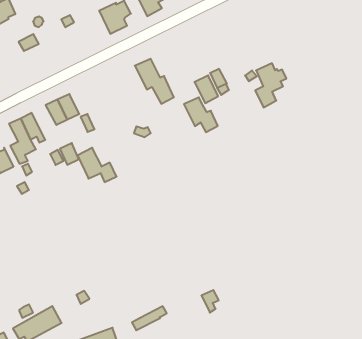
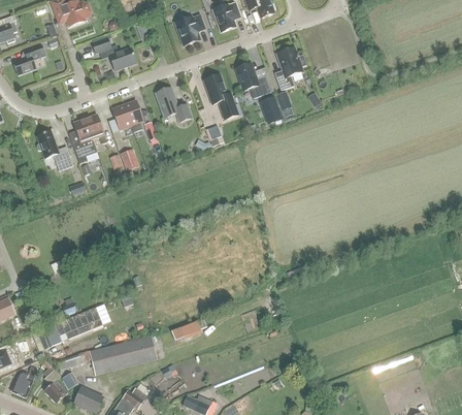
building: none -> [109,46,136,70]
building: [255,63,286,107] -> [274,47,306,90]
building: [184,97,218,132] -> [235,63,266,98]
building: [77,148,117,182] -> [156,87,192,122]

